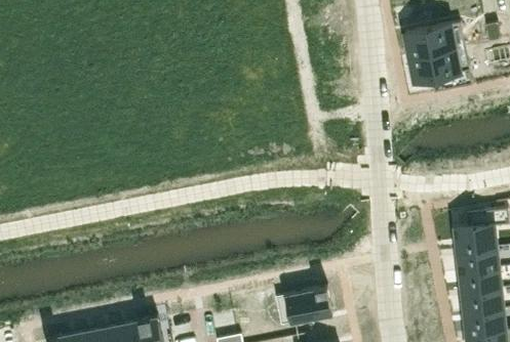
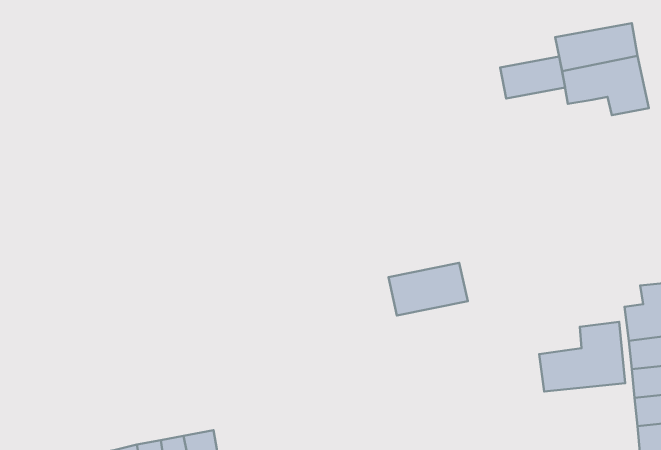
building: none -> [500,57,565,98]
building: none -> [539,322,625,392]
building: [274,288,331,326] -> [388,263,468,315]

